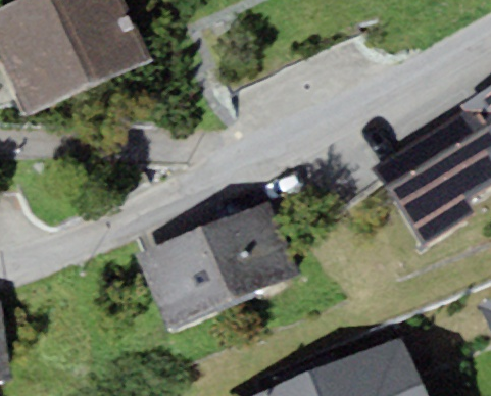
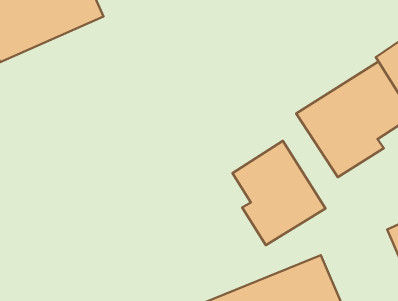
building: [138,199,302,327] -> none
building: none -> [233,141,326,245]

